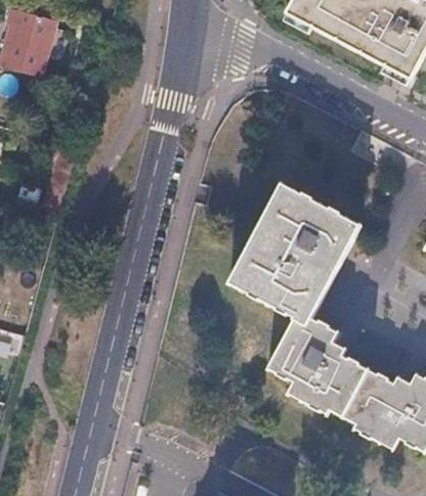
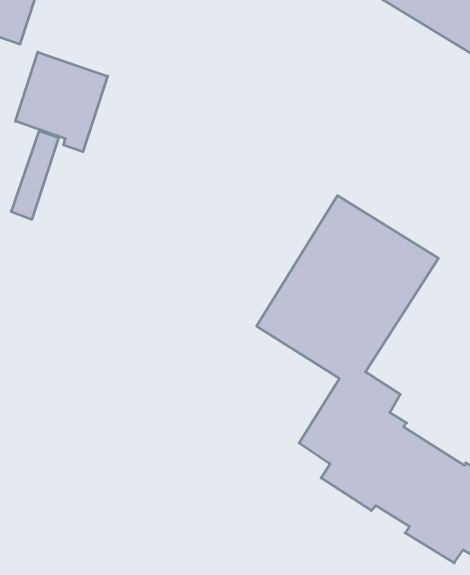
building: none -> [15,52,108,152]

